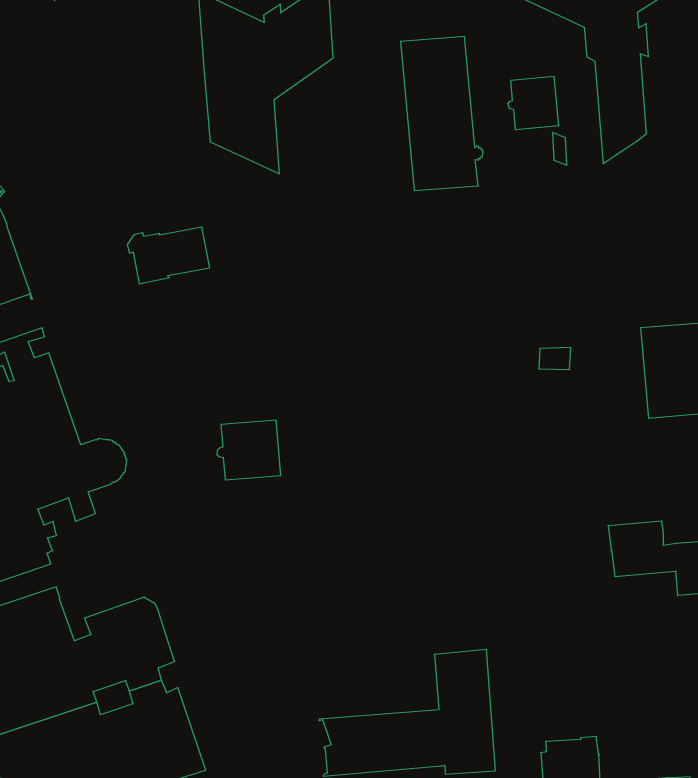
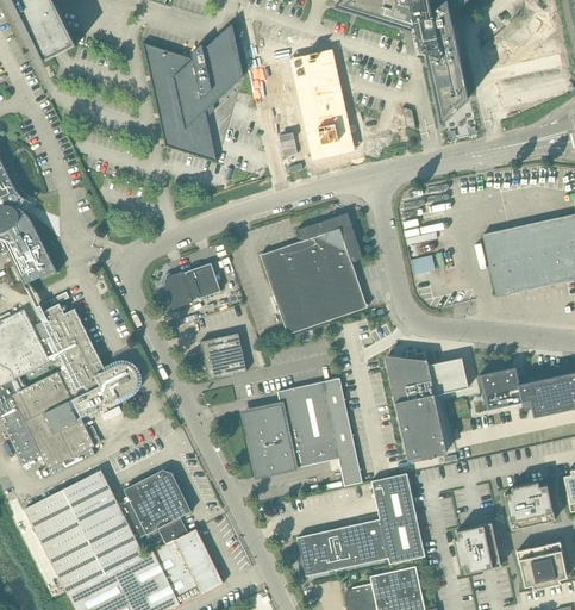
building: [508,76,558,130] -> none
building: [127,227,210,284] -> [161,262,220,307]
building: none -> [260,210,368,334]
building: none -> [386,355,468,459]
building: none -> [245,376,362,485]
building: none -> [505,481,555,529]

